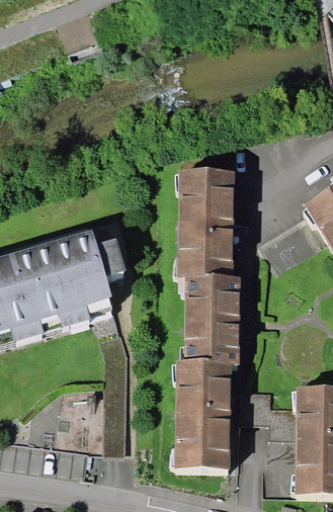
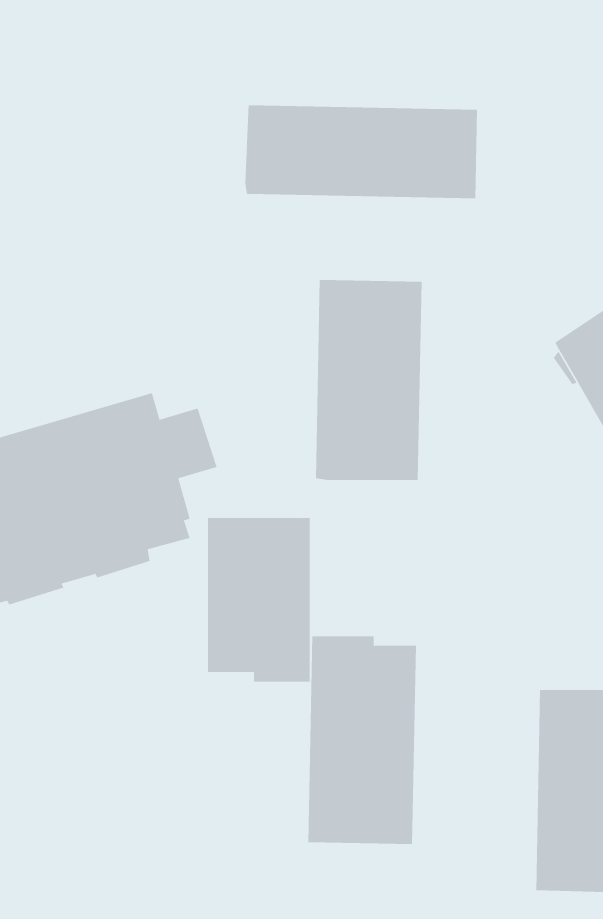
building: none -> [245,105,478,199]
building: [185,275,240,362] -> [207,518,310,682]

